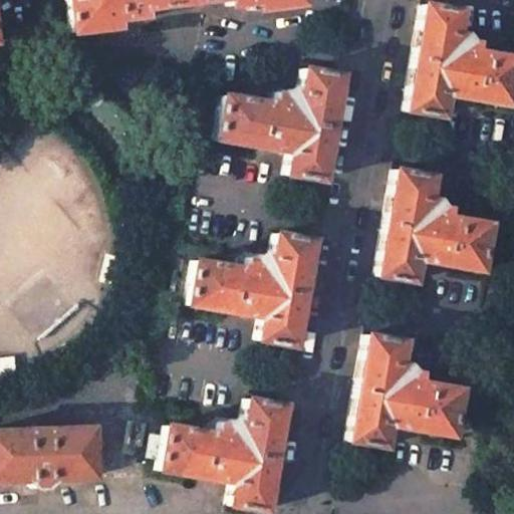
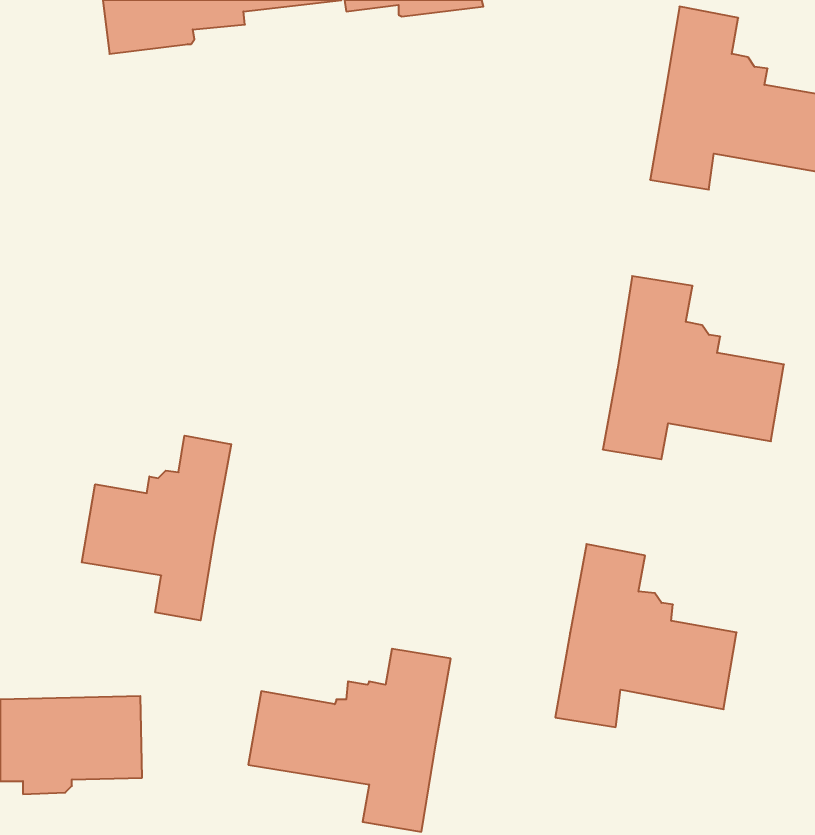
building: [222,69,346,181] -> none
building: [194,234,318,346] -> none
building: none -> [82,436,231,620]

